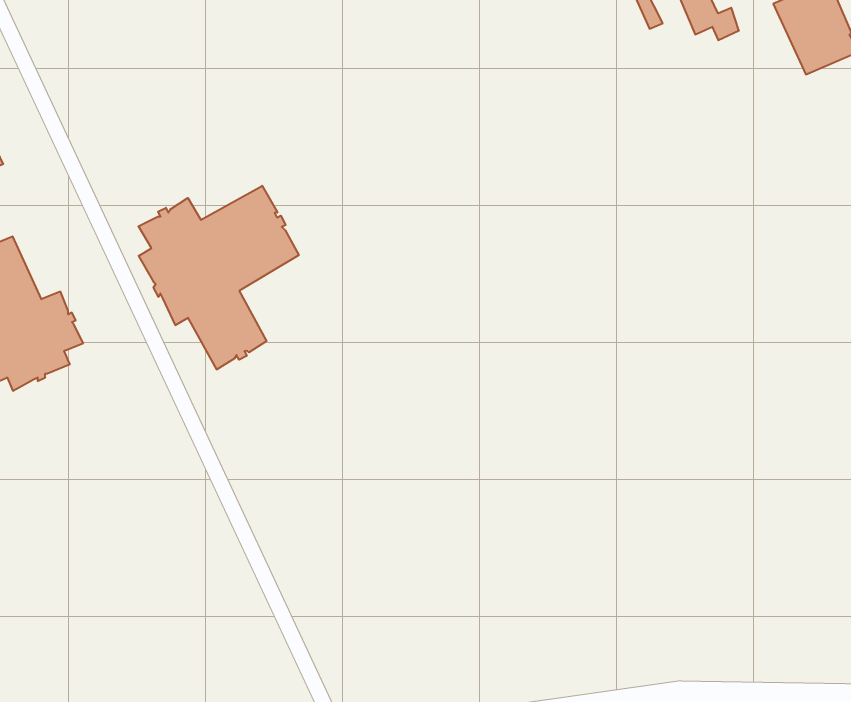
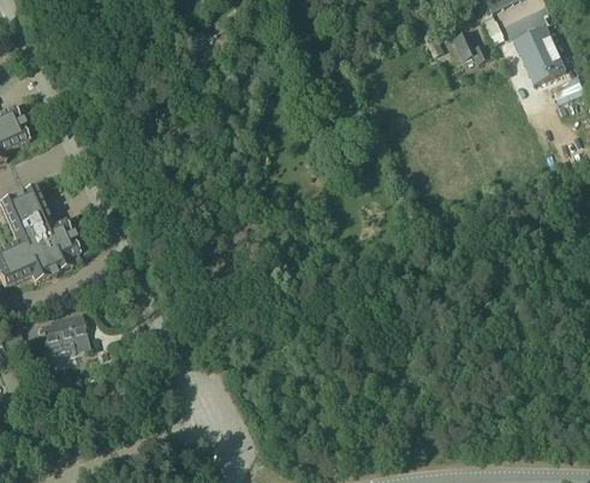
building: [138,186,299,370] -> none
building: none -> [40,314,84,352]

